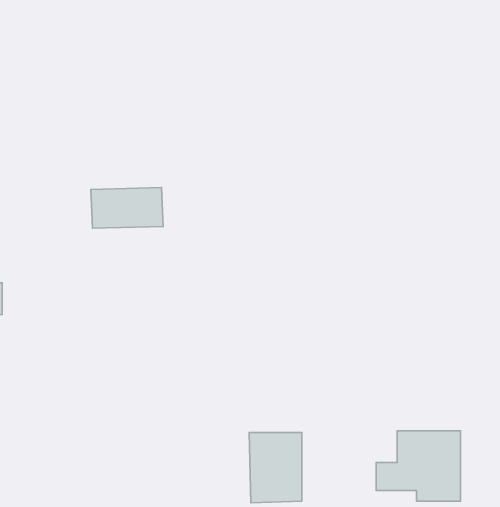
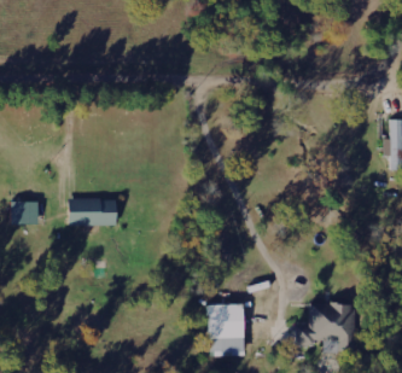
building: [91,188,163,228] -> [68,198,117,226]

